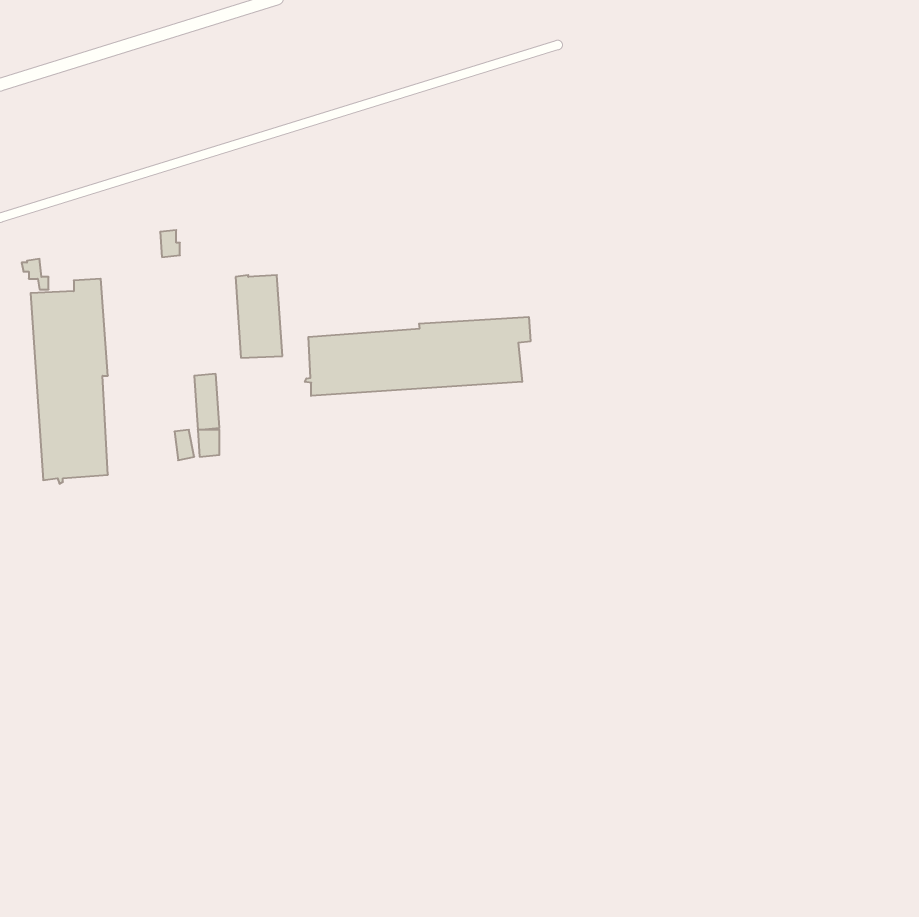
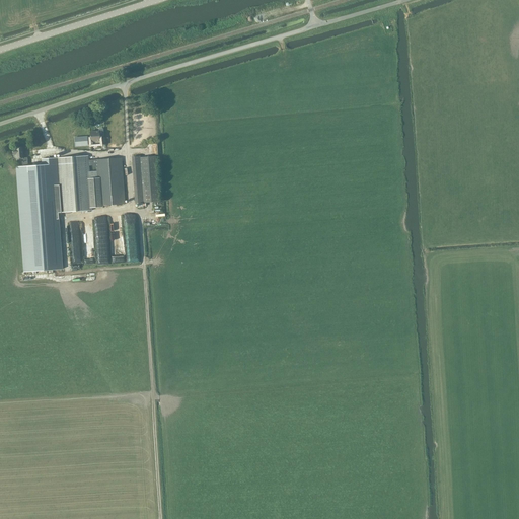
building: none -> [57,154,125,212]
building: [305,317,530,396] -> none

